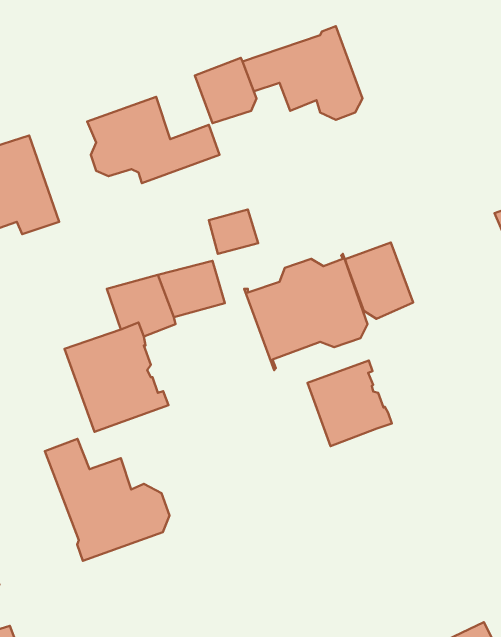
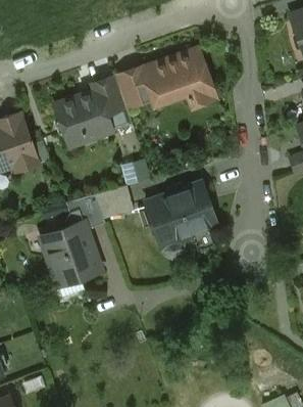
building: none -> [91,79,132,125]
building: [345,243,413,319] -> none
building: [308,360,392,446] -> none
building: [45,439,170,561] -> none

